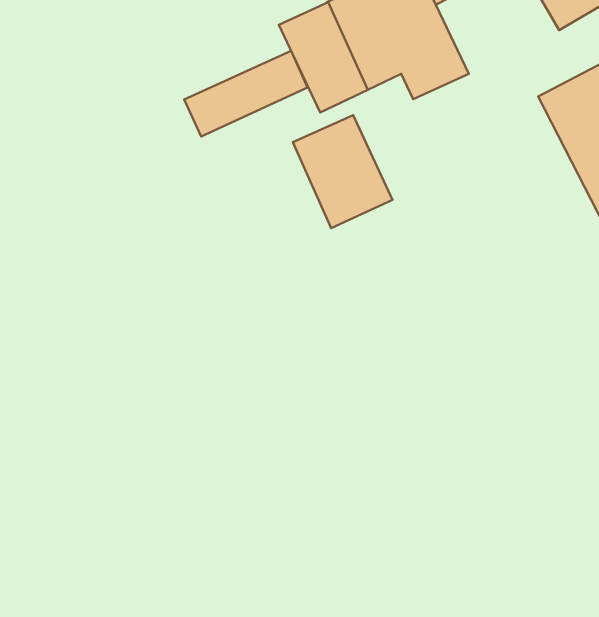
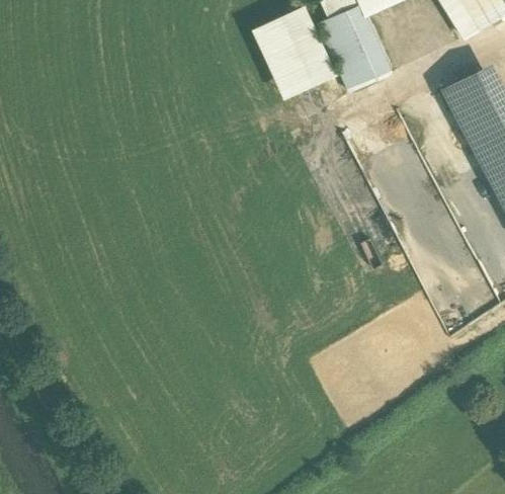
building: [184,51,307,137] -> none
building: [293,115,393,228] -> none

